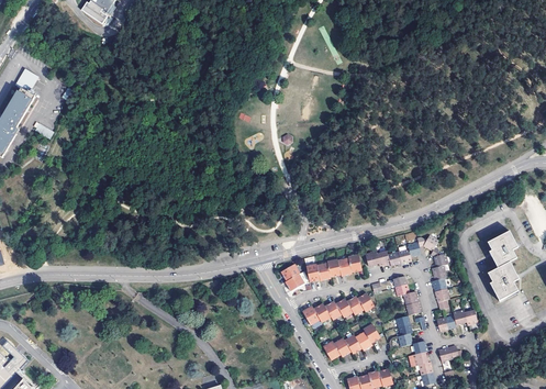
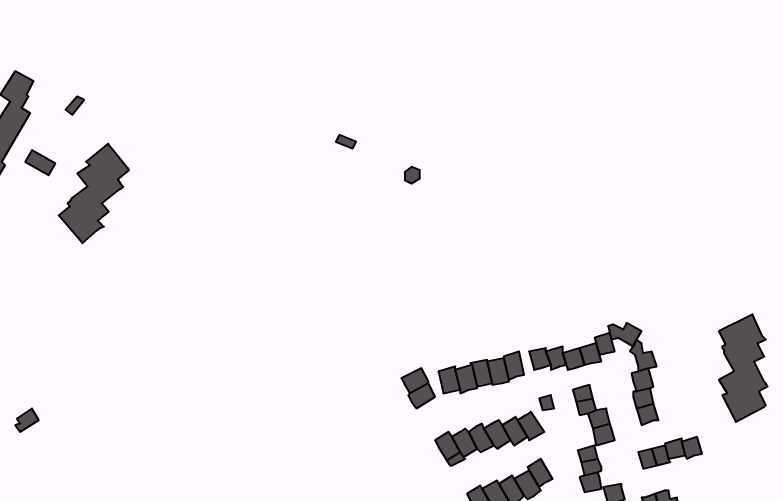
building: none -> [59,144,129,243]

